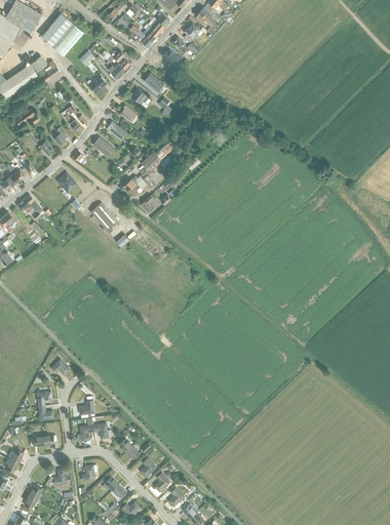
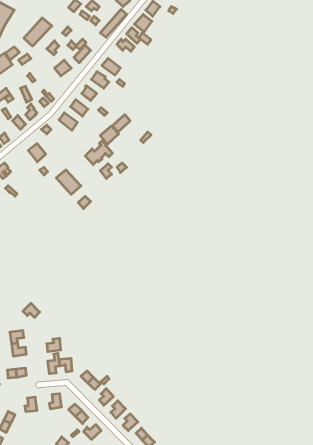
building: [40,14,73,48] -> none

